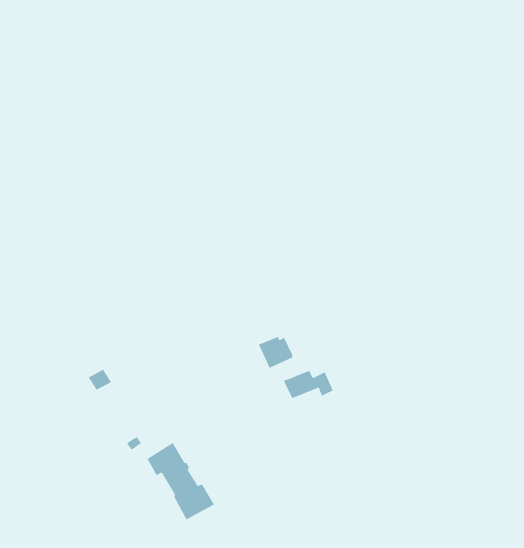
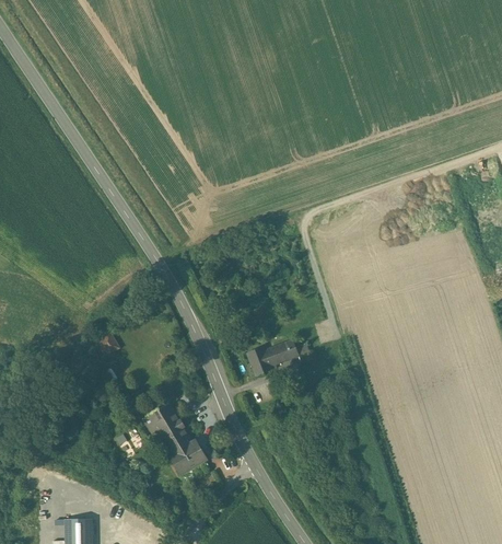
building: [258,336,293,368] -> [245,347,277,377]

